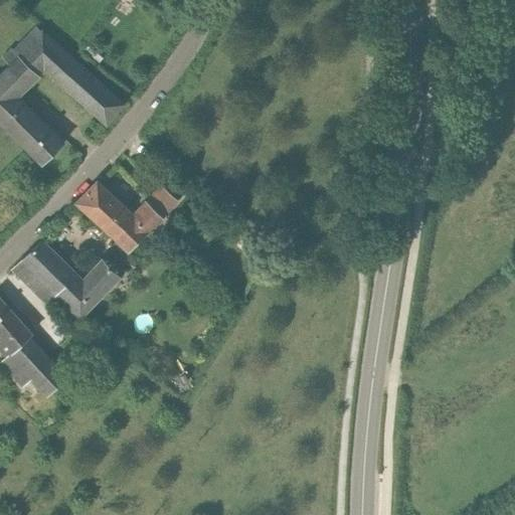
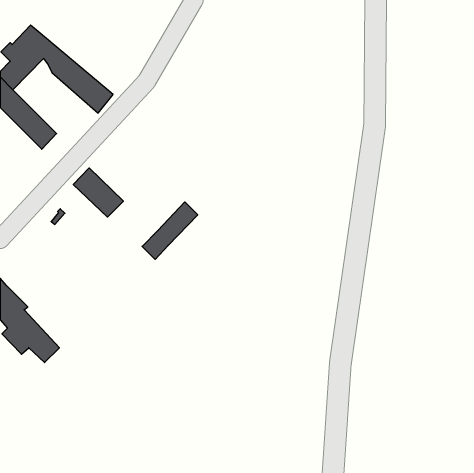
building: [117,188,177,250] -> [142,202,198,259]
building: [13,241,119,317] -> none

